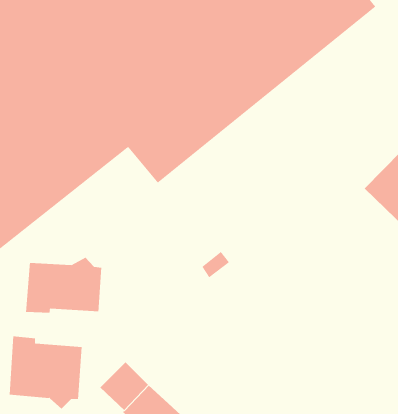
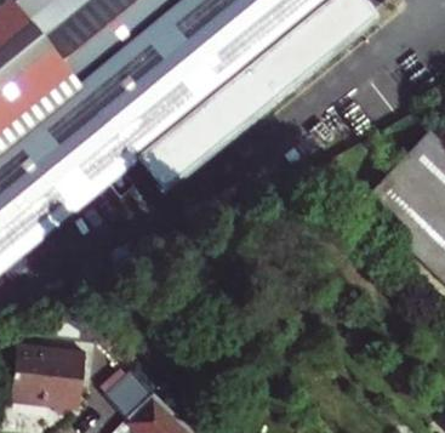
building: [25,257,102,313] -> none

